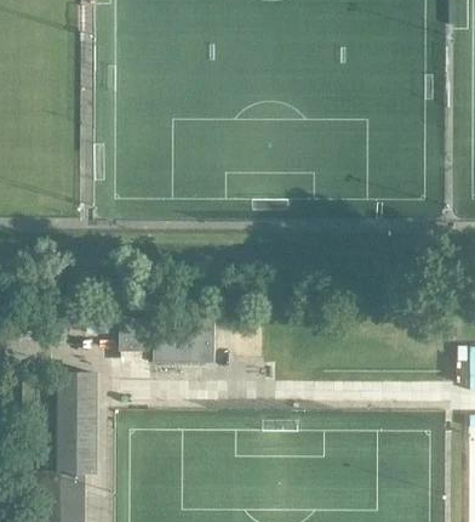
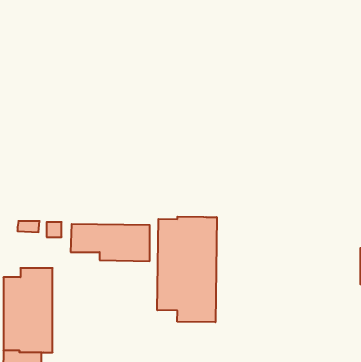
building: none -> [157,217,217,322]

